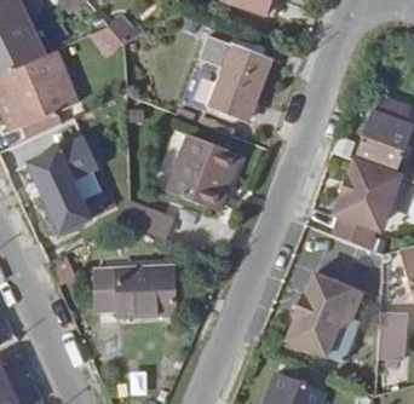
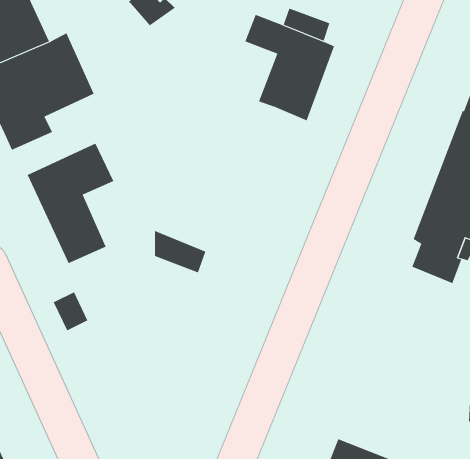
building: [168,133,242,210] -> none
building: [93,267,177,317] -> none
building: [284,273,358,357] -> none

